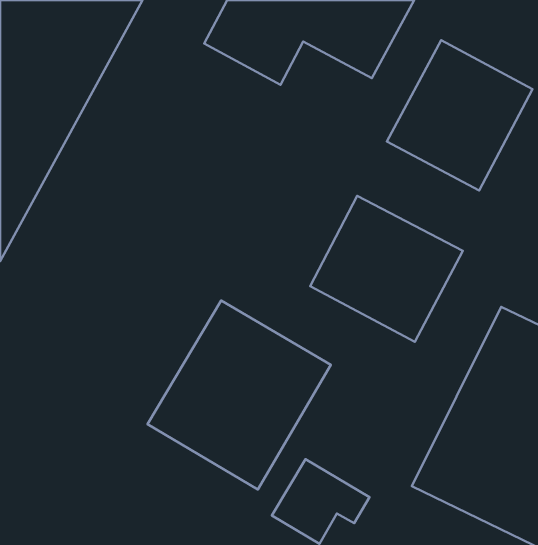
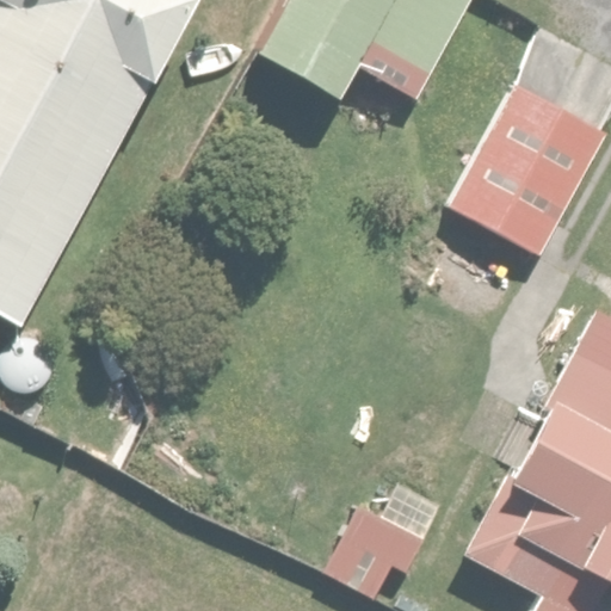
building: [310,196,463,342] -> none
building: [148,301,331,490] -> none

